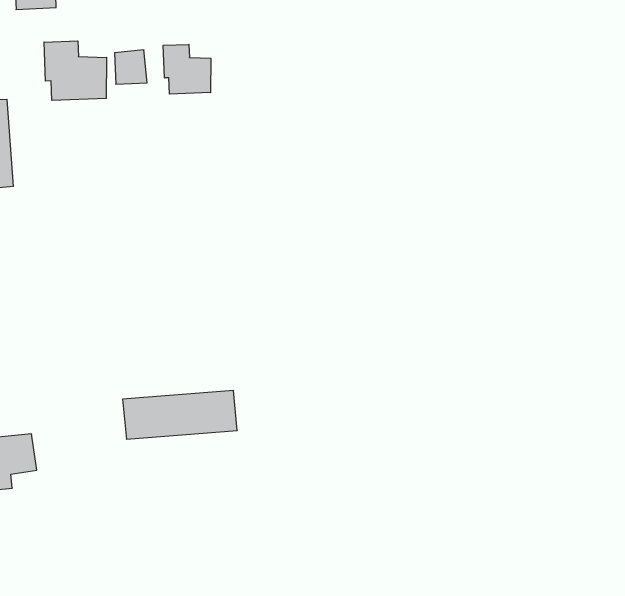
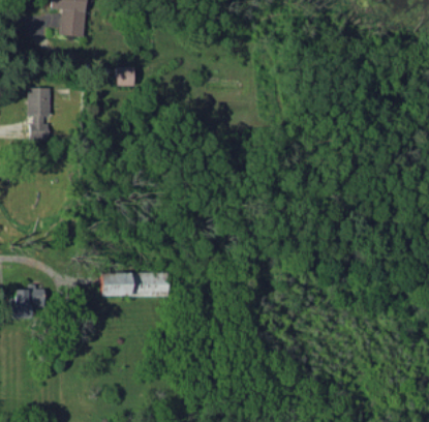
building: [44,41,107,100] -> none
building: [163,44,211,94] -> none

